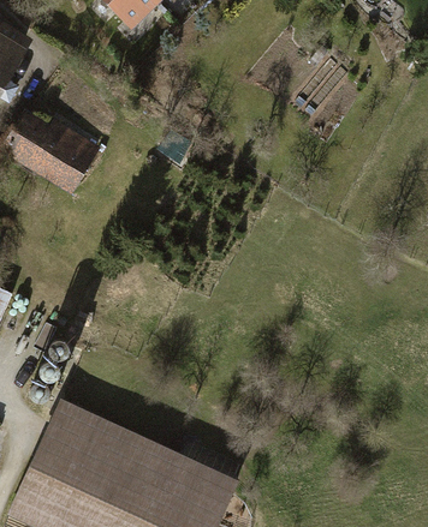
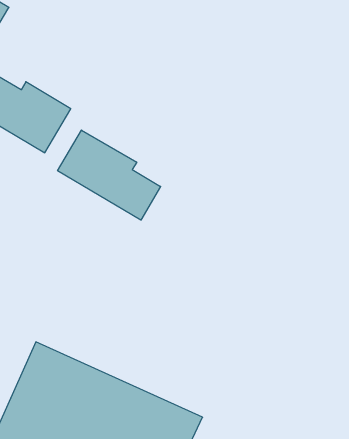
building: none -> [58,130,161,220]

